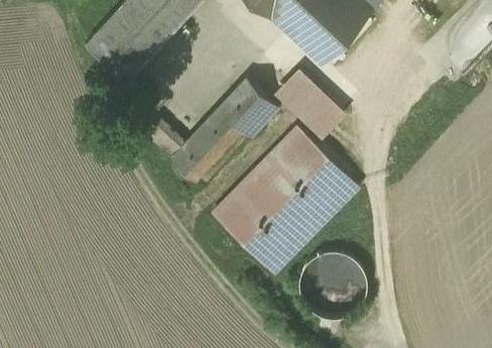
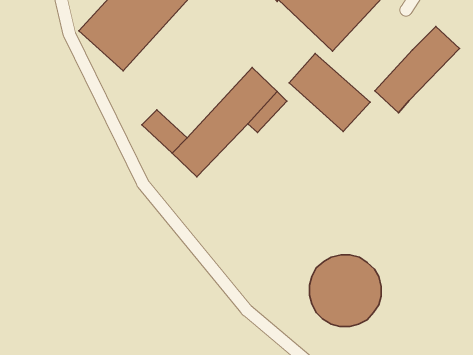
building: none -> [375,26,459,113]
building: [212,129,358,275] -> none

